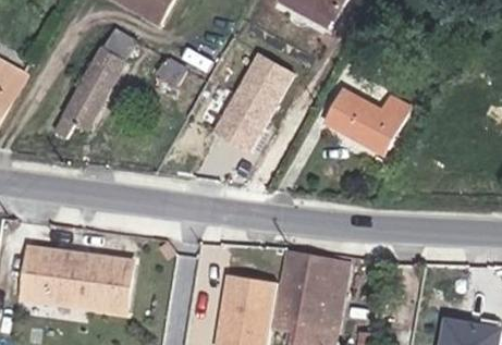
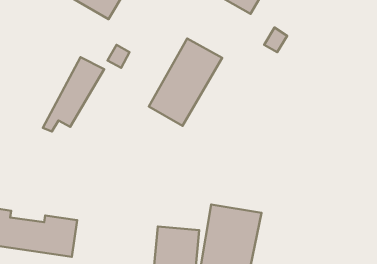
building: [54,49,127,137] -> [43,57,104,131]
building: [323,88,409,157] -> none

